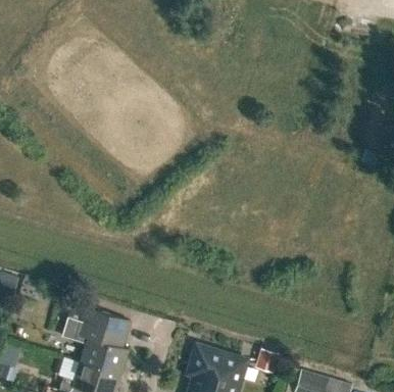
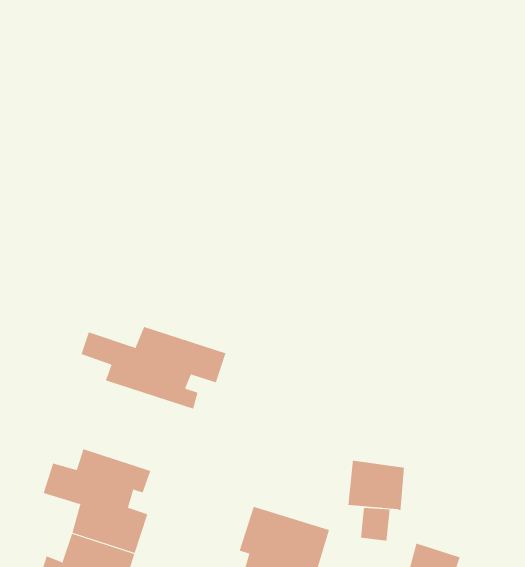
building: none -> [81,326,226,410]
building: none -> [348,460,405,511]

